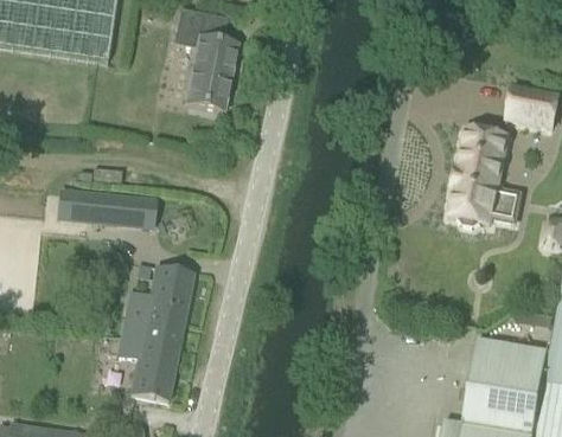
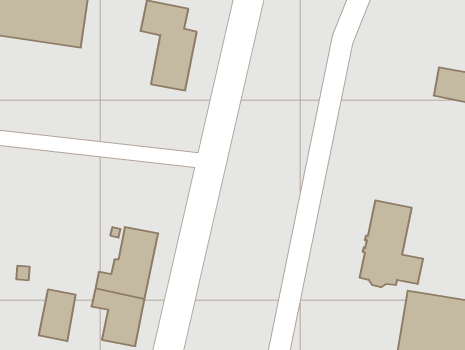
building: [448,126,521,224] -> [360,200,423,287]
building: [57,191,154,226] -> none
building: none -> [39,289,76,341]

